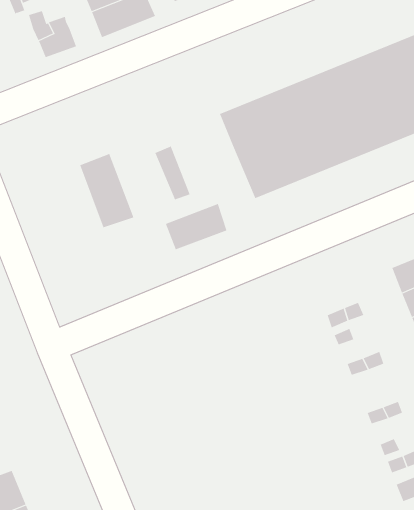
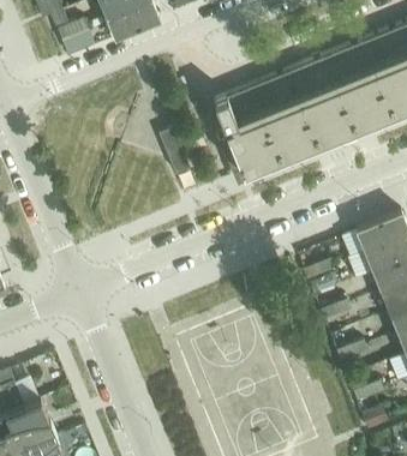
building: [80,153,134,228] -> none
building: [165,203,227,250] -> none

